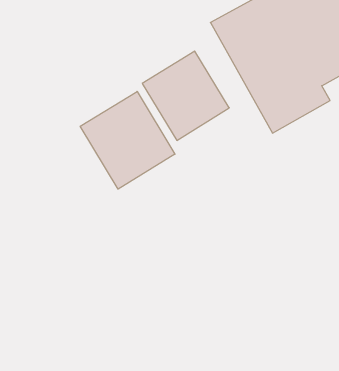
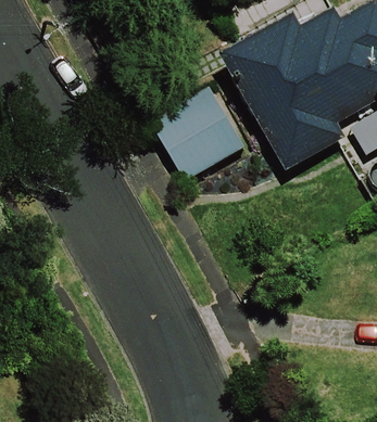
building: [80,91,175,189] -> none

